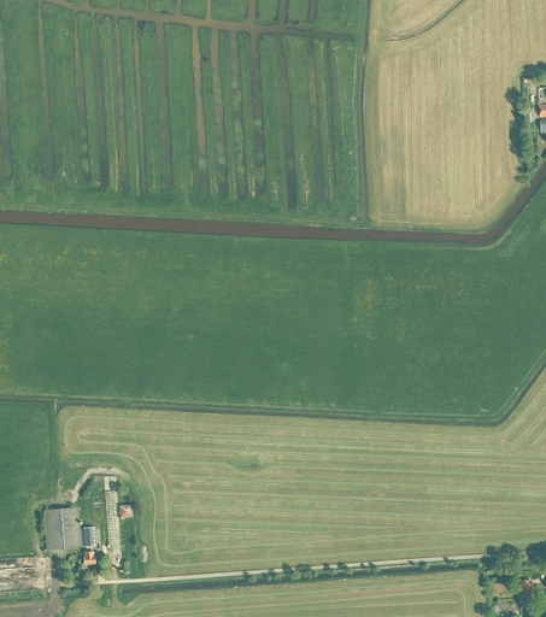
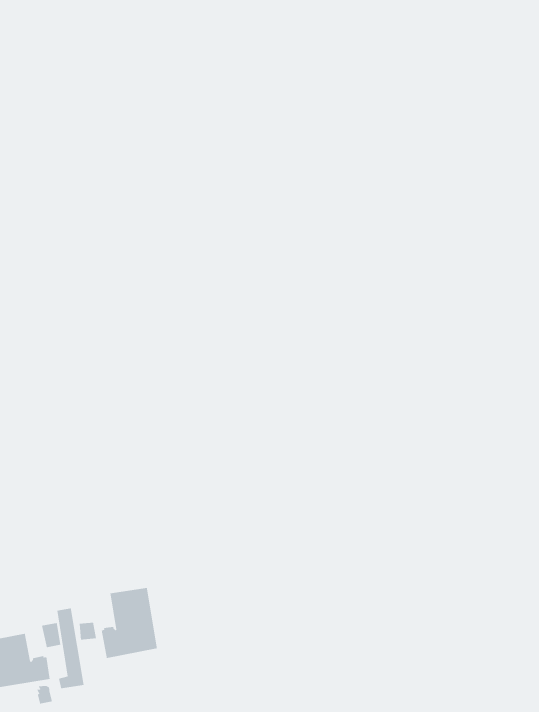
building: none -> [101,587,158,659]

